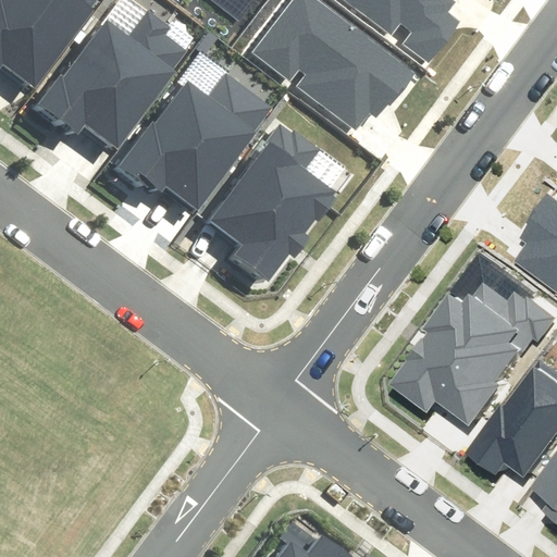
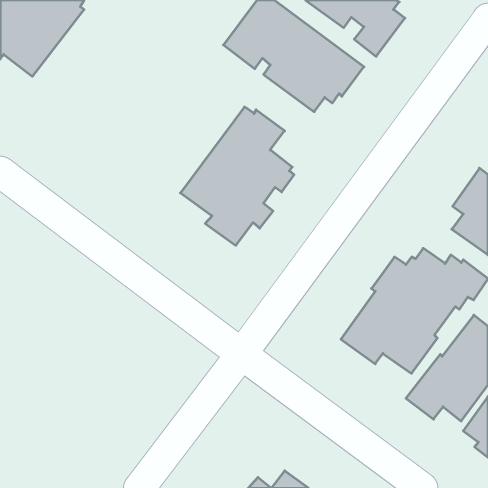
building: [38,11,186,150] -> none
building: [121,74,272,211] -> none

